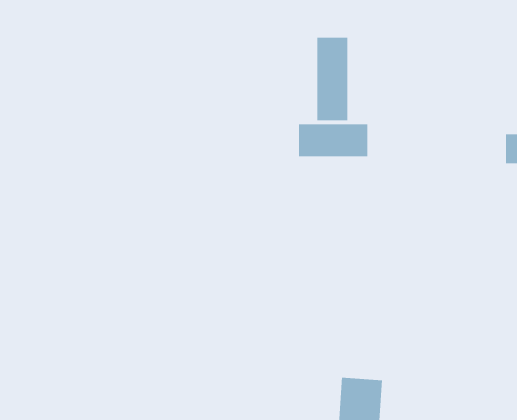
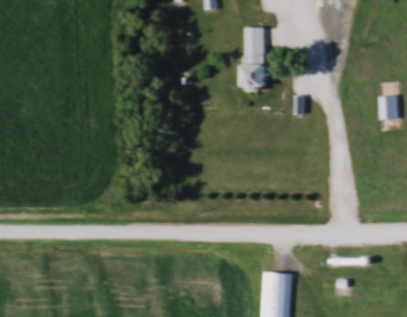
building: [298,123,368,157] -> none

